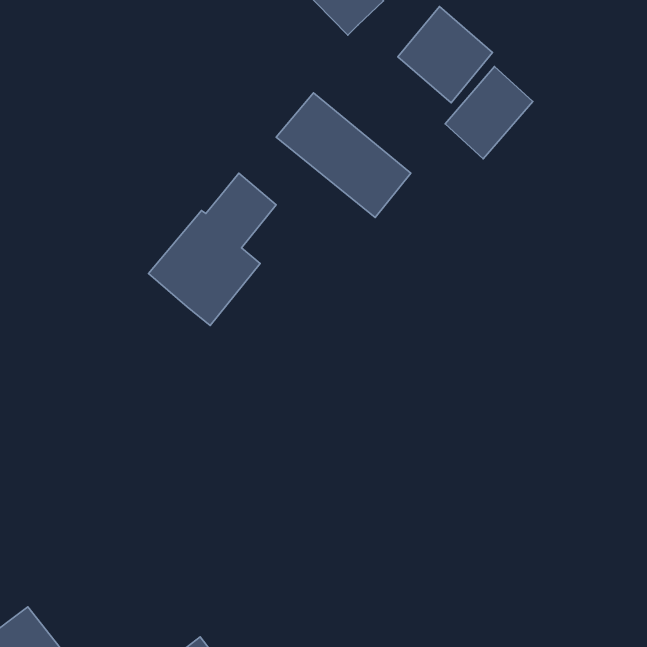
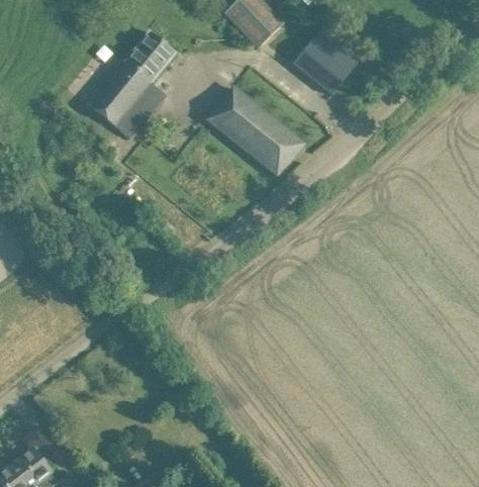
building: [445,67,533,159] -> none
building: [148,173,276,325] -> [87,30,177,137]

